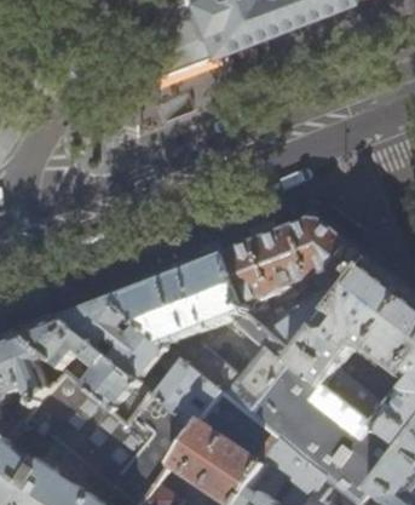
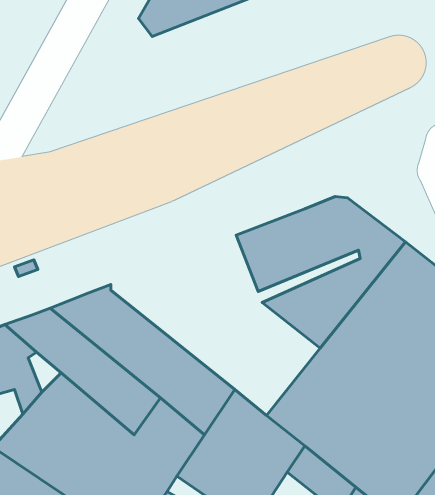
building: [111,256,295,414] -> none

